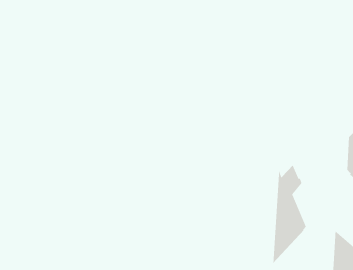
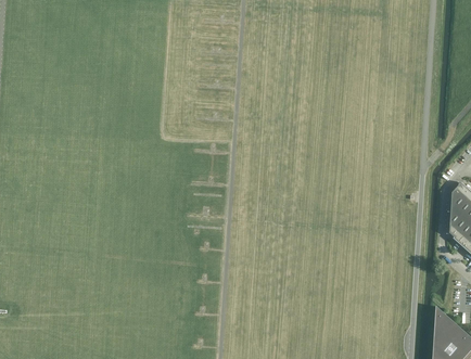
building: [273,165,306,264] -> none

